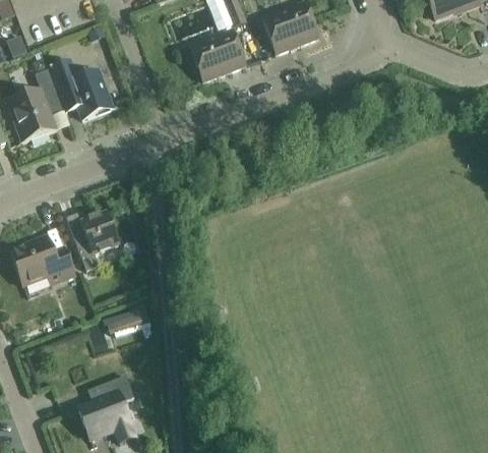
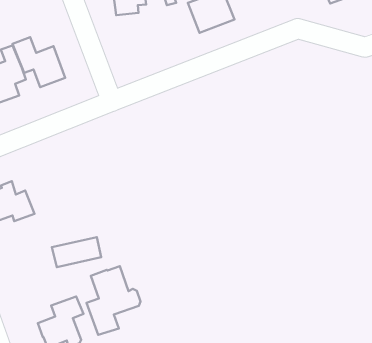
building: [189,29,246,80] -> none
building: [66,212,118,270] -> none
building: none -> [86,266,140,335]

